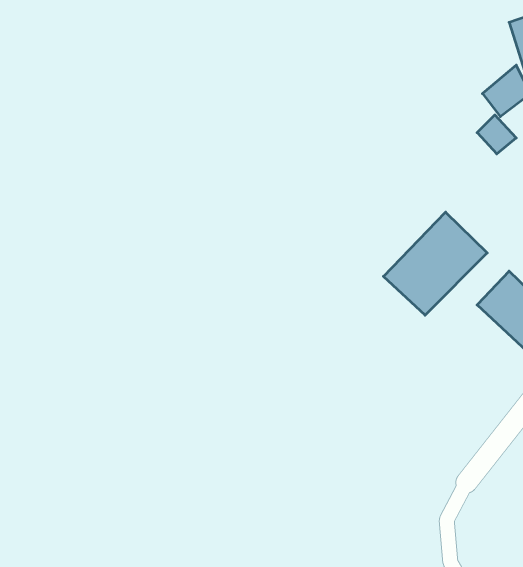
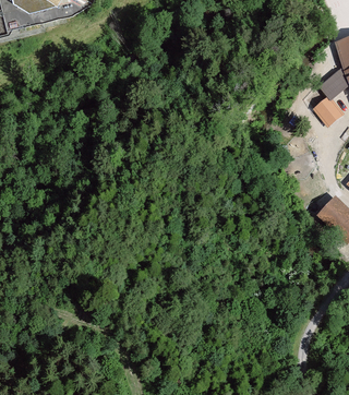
building: [383,212,487,315] -> none

